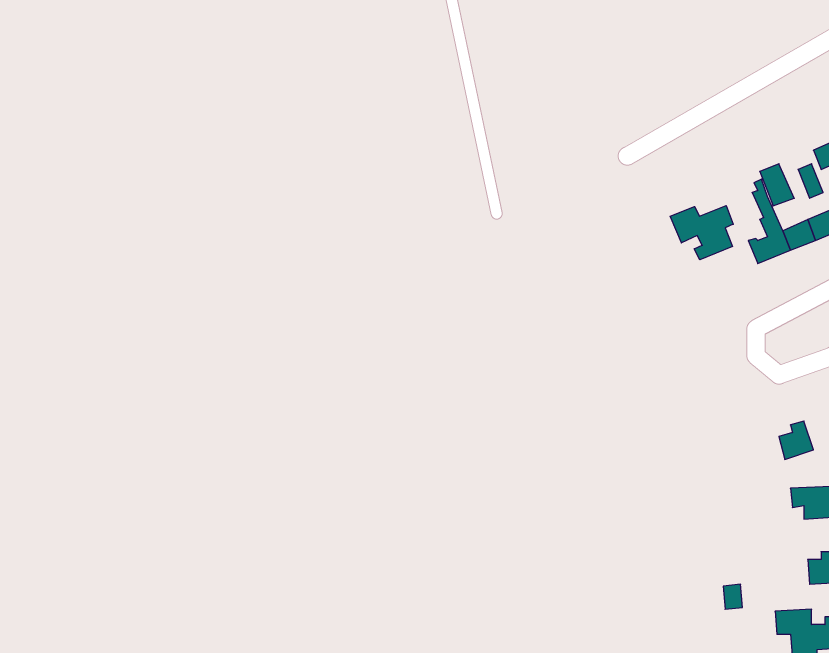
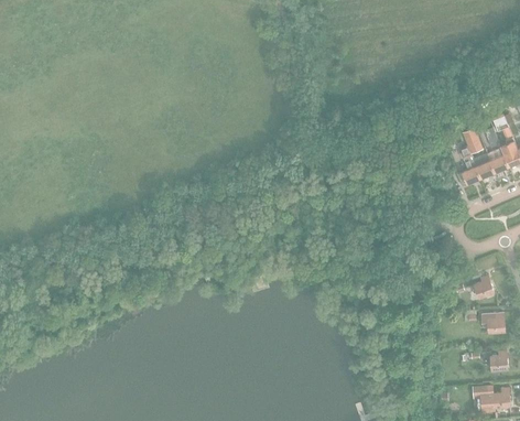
building: [670,206,733,260] -> none

